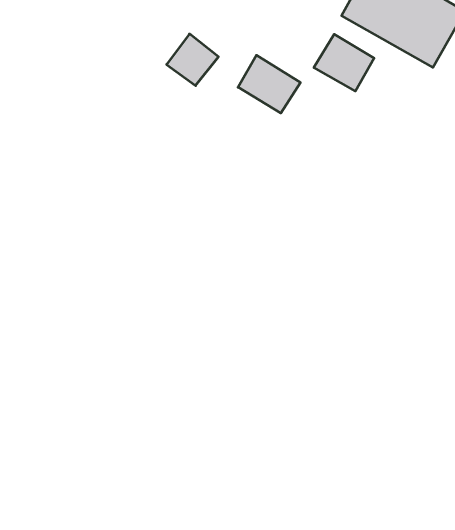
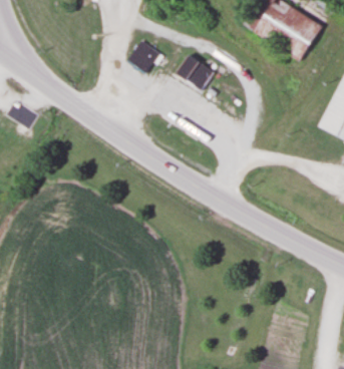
building: [314,34,374,91] -> none

